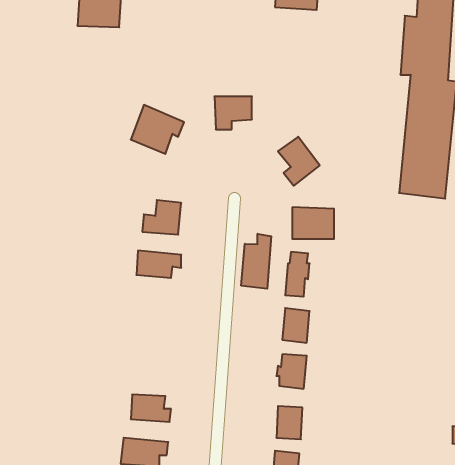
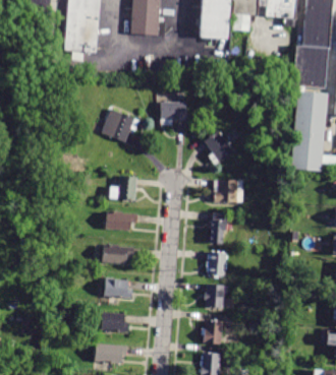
building: [241,234,271,289] -> none
building: none -> [102,245,133,263]
building: none -> [104,276,132,298]

